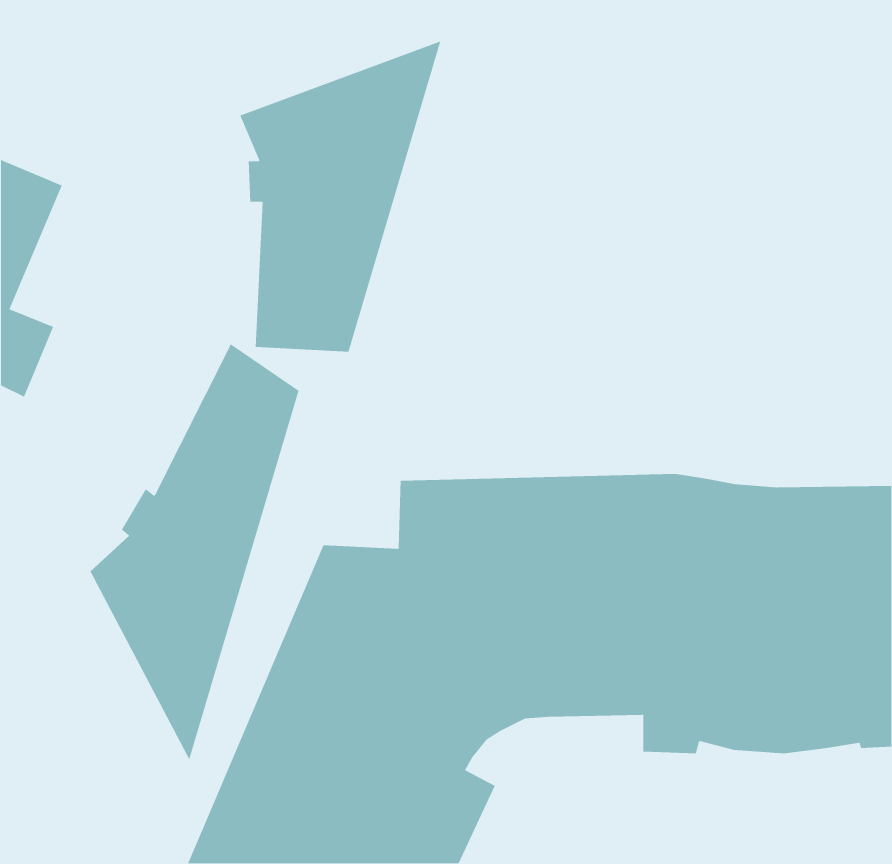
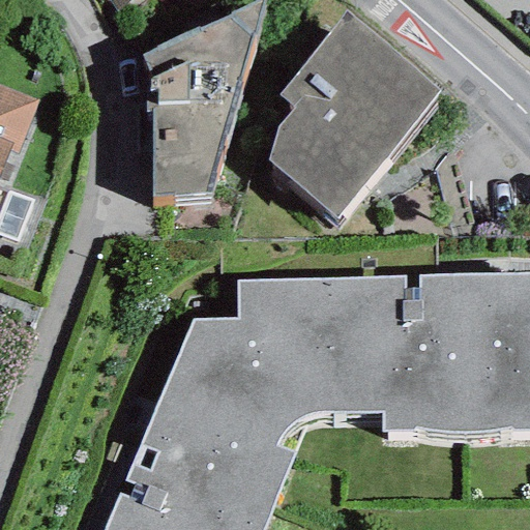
building: none -> [267,38,438,236]
building: [89,343,299,761] -> none

